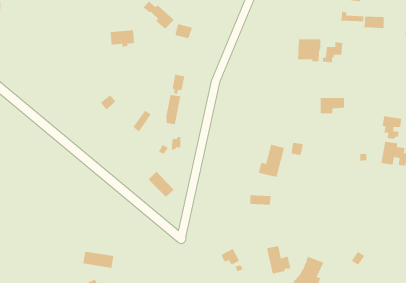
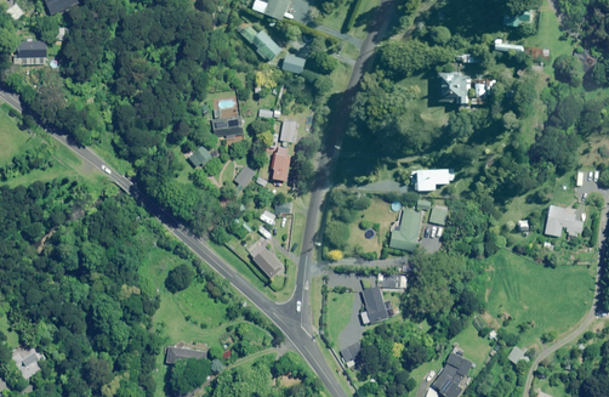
building: [110,30,135,47] -> [211,115,243,137]
building: [320,97,345,114] -> [417,169,449,189]
building: [382,116,402,140] -> none
building: [266,245,291,274] -> [363,284,394,321]

